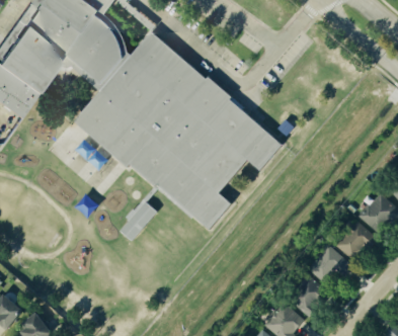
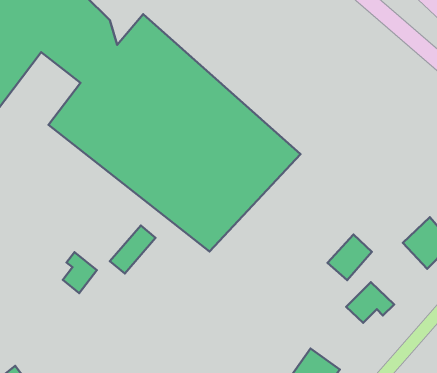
building: none -> [63,252,97,293]
building: [338,224,375,261] -> [328,235,372,280]
building: [293,276,330,317] -> none

